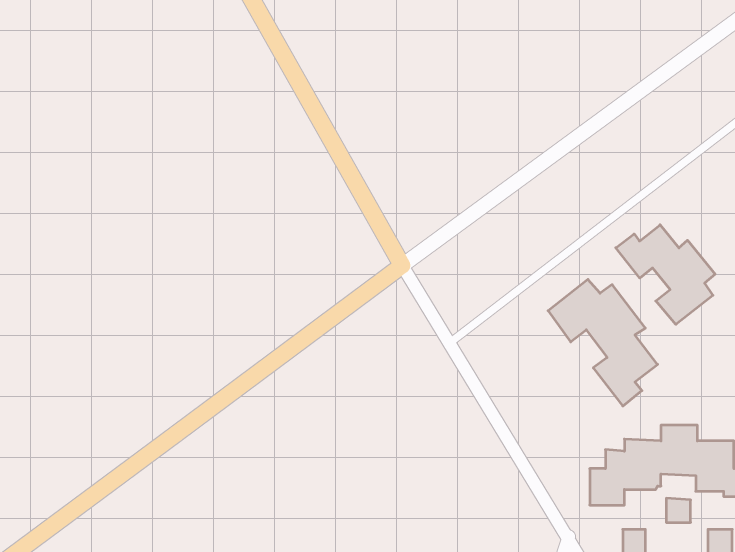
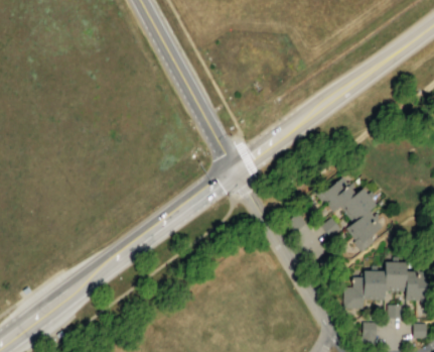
building: [616,225,715,324] -> none

